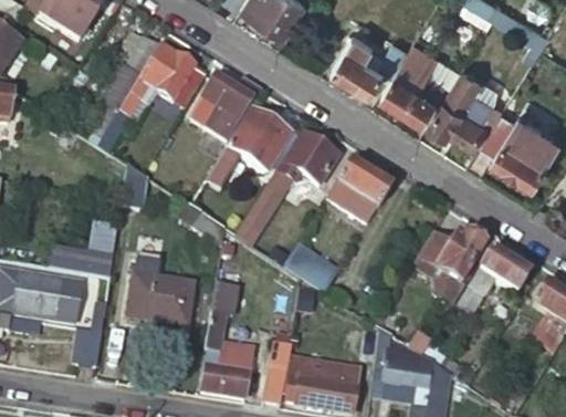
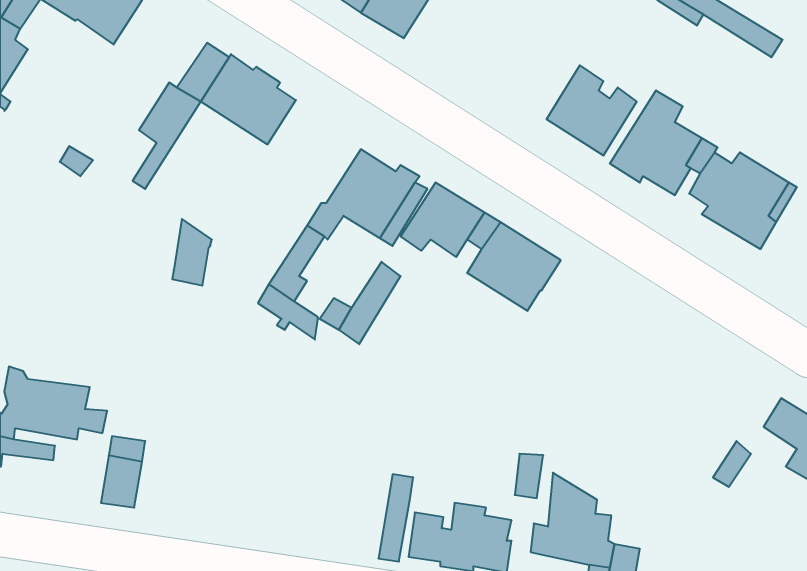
building: [332,37,407,91] -> none
building: [199,81,263,143] -> none
building: [50,219,118,275] -> none
building: [412,237,485,309] -> none
building: [285,250,338,296] -> none
building: [125,252,192,324] -> none
building: [470,254,531,300] -> none
building: [202,310,254,395] -> none

